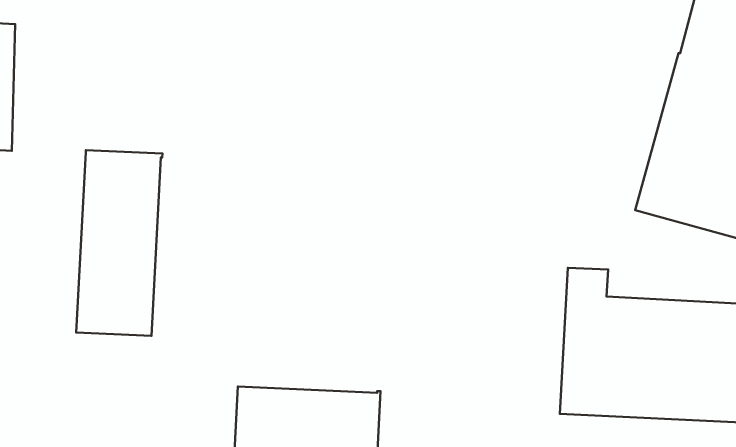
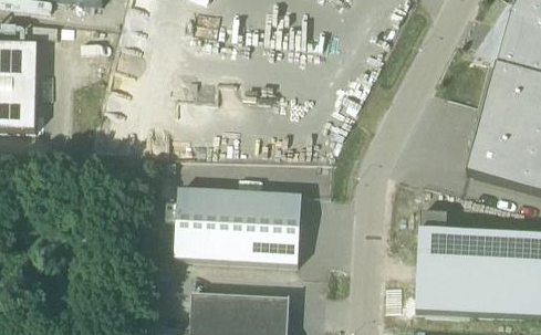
building: [76,150,162,336] -> none
building: none -> [175,188,302,264]

